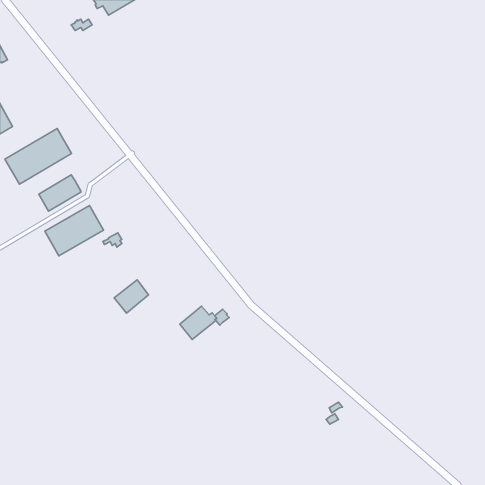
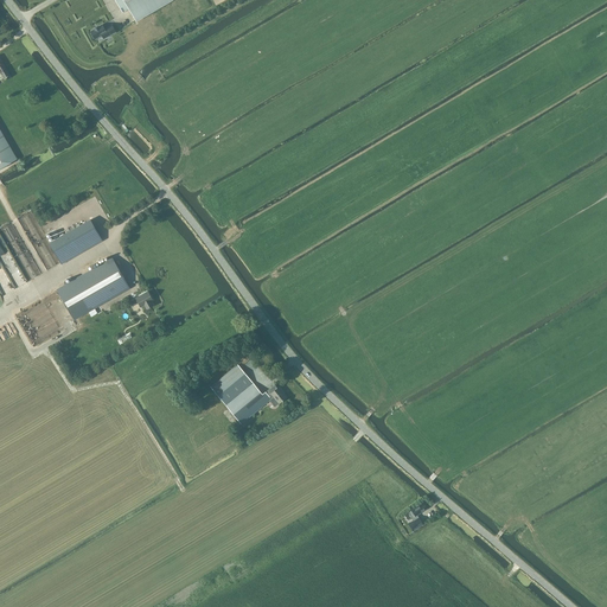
building: [5,129,72,184] -> none
building: [114,280,148,313] -> [209,363,251,404]

